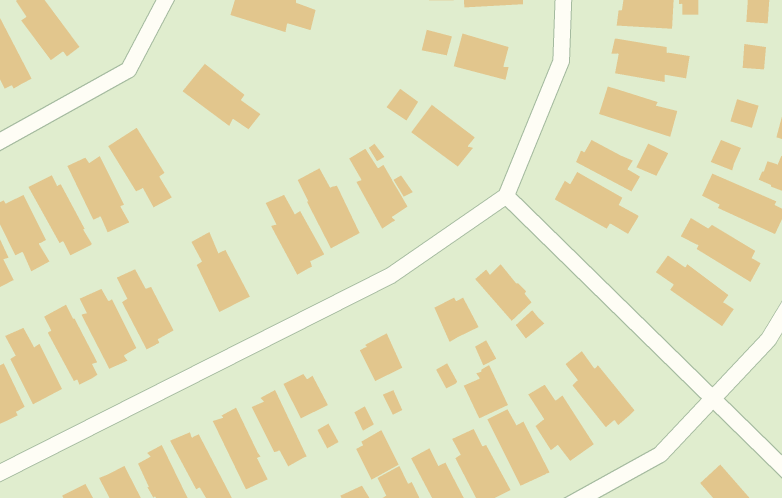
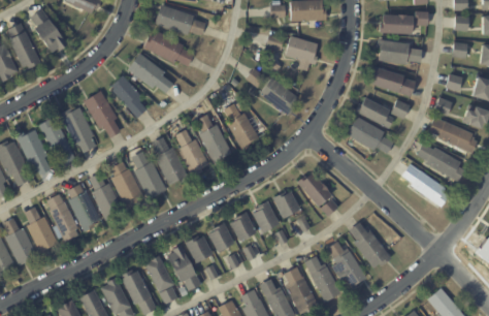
building: none -> [142,31,193,66]
building: none -> [110,75,145,118]
building: none -> [151,137,189,186]
building: none -> [109,162,144,210]
building: [463,364,509,419] -> [252,199,279,231]
building: [355,429,399,481] -> [207,221,233,251]

